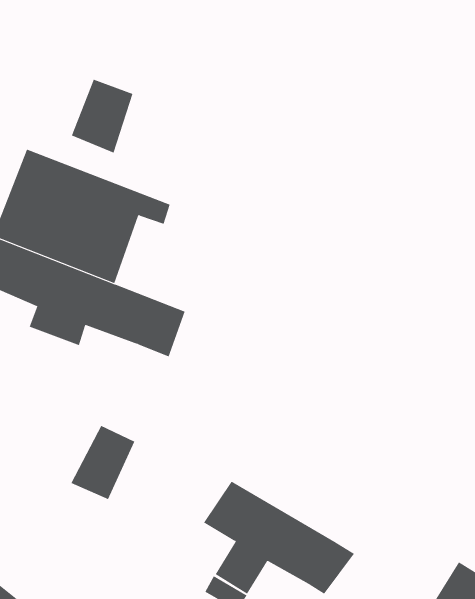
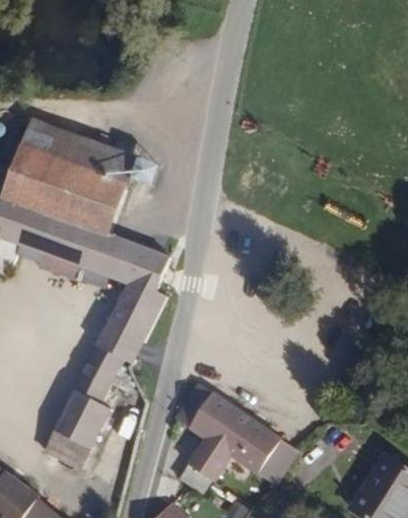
building: [71,79,133,154] -> none
building: none -> [96,281,158,363]
building: none -> [46,393,109,468]

